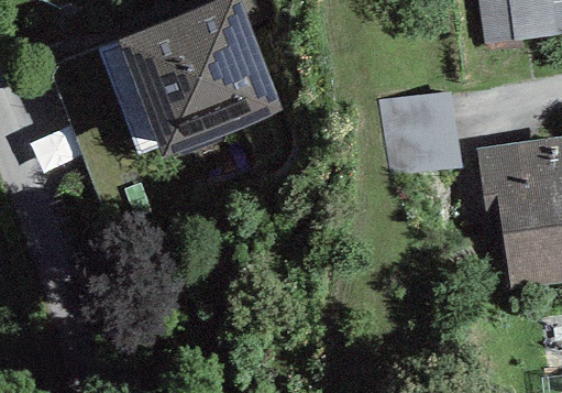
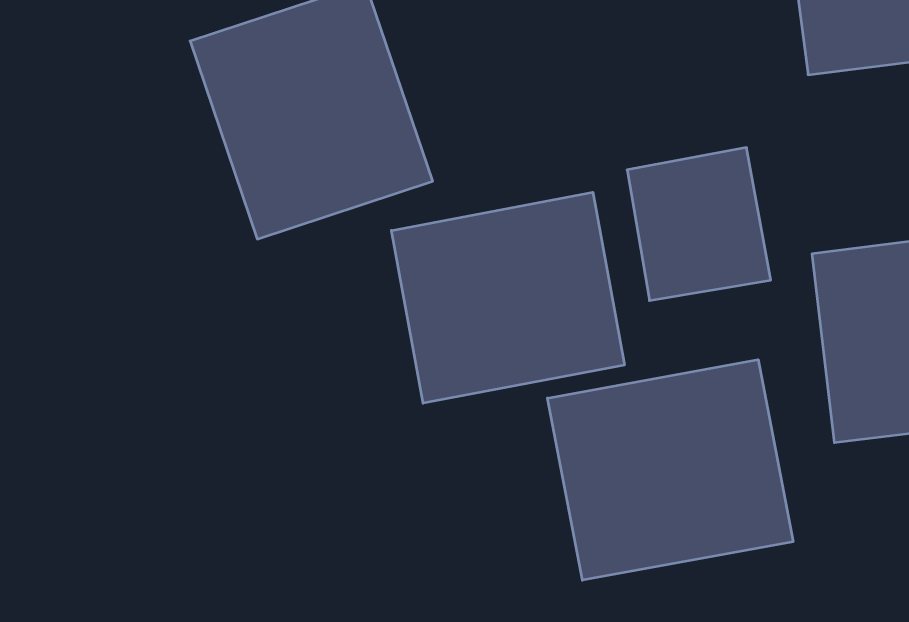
building: none -> [391,192,624,403]
building: none -> [547,360,793,580]

